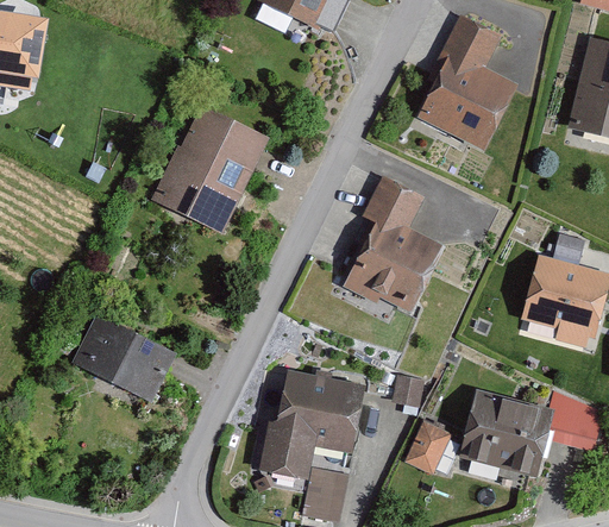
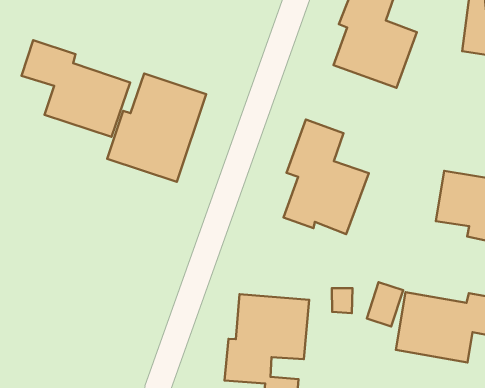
building: none -> [21,40,130,137]
building: [73,316,180,402] -> none
building: [403,421,448,473] -> [367,282,403,326]

